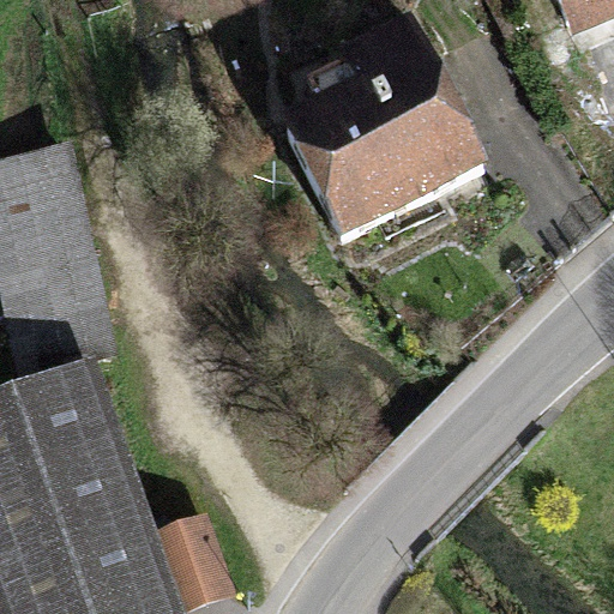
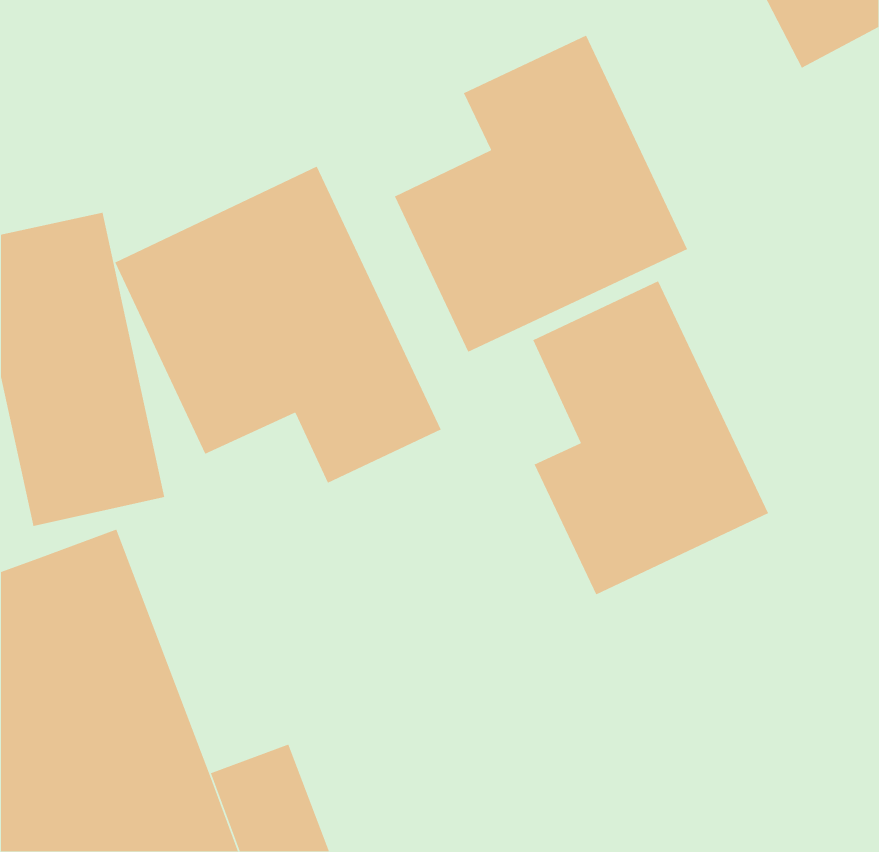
building: none -> [114,166,442,484]
building: none -> [532,280,769,596]

